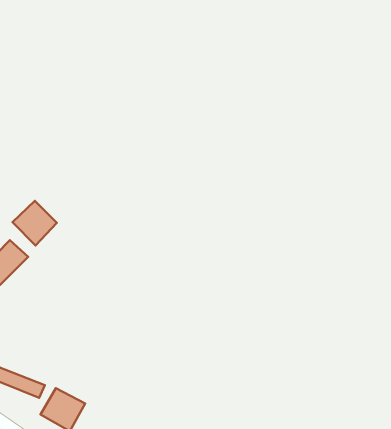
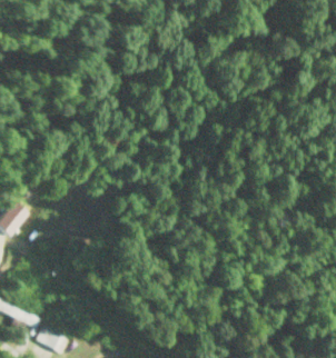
building: [12,201,57,245] -> none

